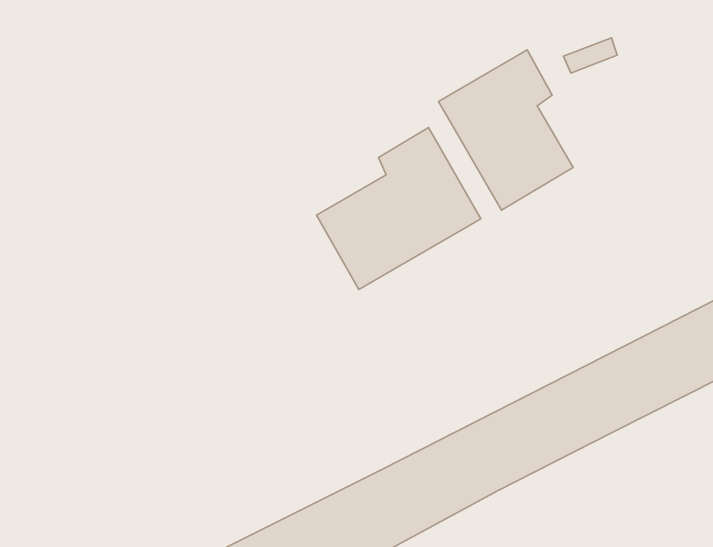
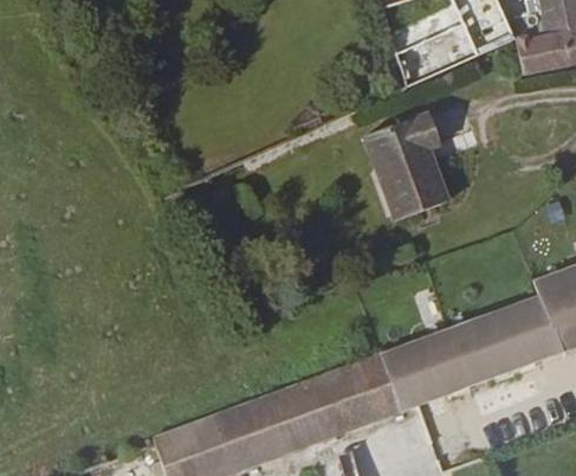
building: [317,128,481,290] -> none

